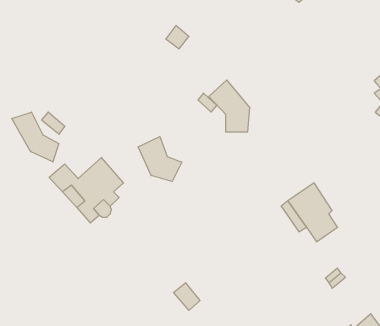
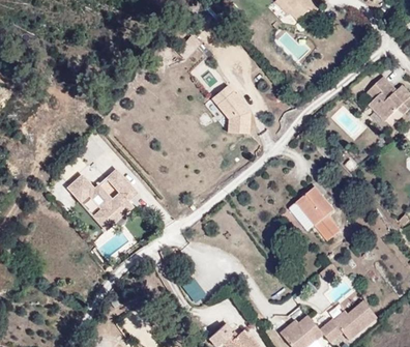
building: [12,112,59,162] -> none
building: [138,137,182,181] -> none

